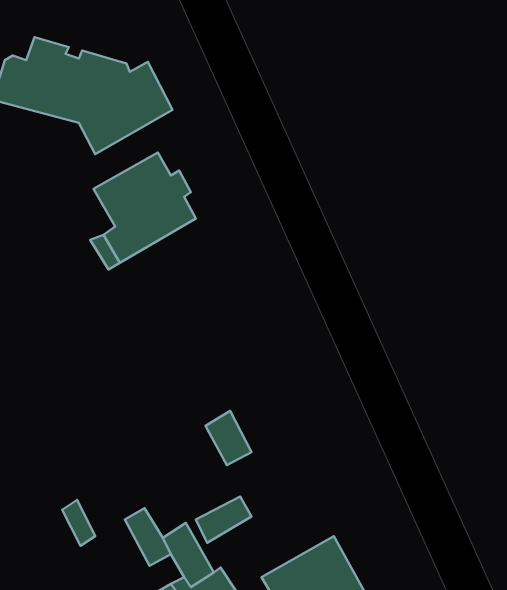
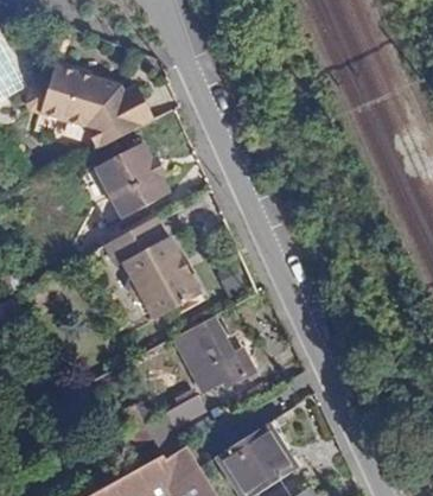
building: none -> [107,217,204,326]
building: none -> [193,320,251,382]

